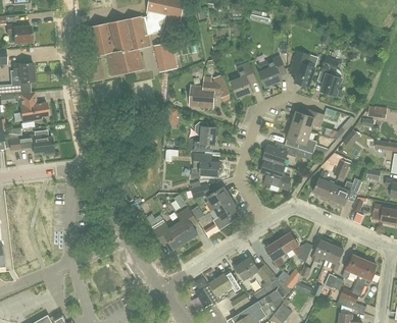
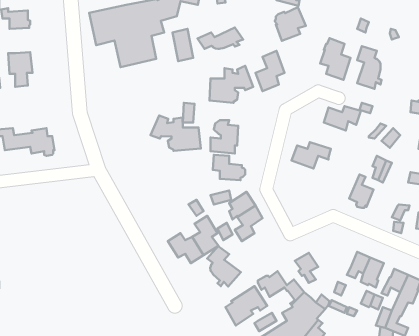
building: none -> [198,28,243,49]
building: [258,57,286,87] -> [275,7,306,41]
building: [13,92,48,120] -> none
building: none -> [151,115,201,151]
building: [287,125,316,154] -> none
building: [258,159,290,189] -> none
building: [329,179,362,206] -> none
building: [278,232,312,262] -> none
building: none -> [207,246,241,286]

